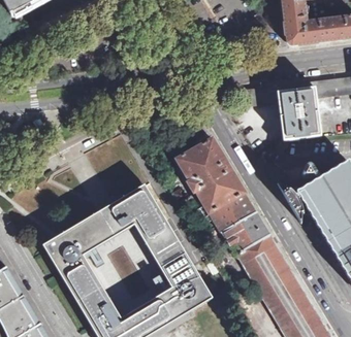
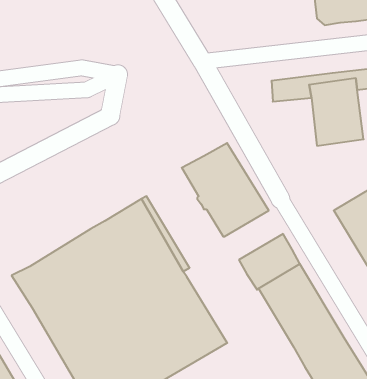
building: [210,192,256,231] -> none

